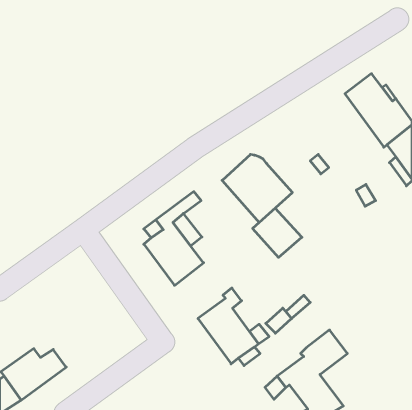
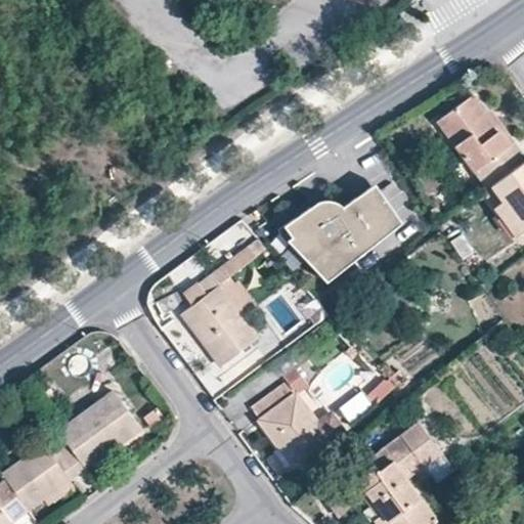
building: [253,208,302,257] -> [338,185,400,248]
building: none -> [57,370,139,470]

